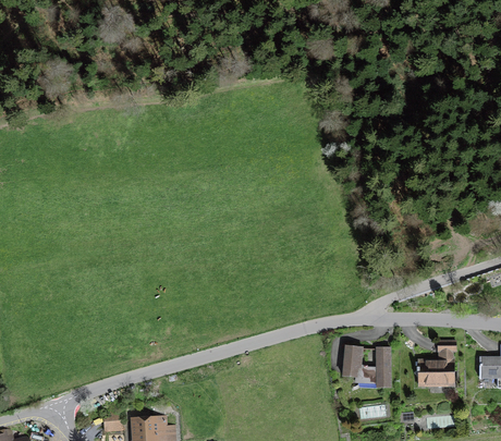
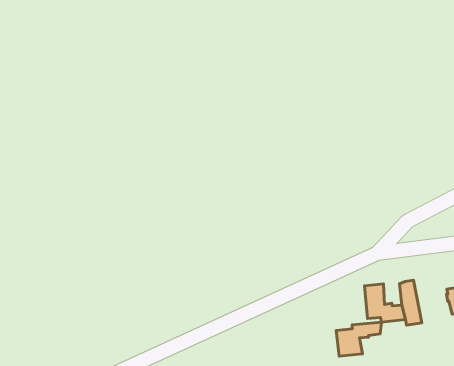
building: none -> [336,322,381,356]

